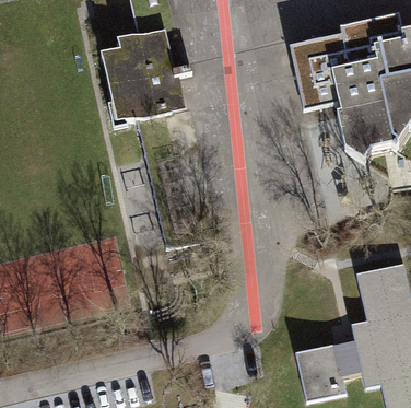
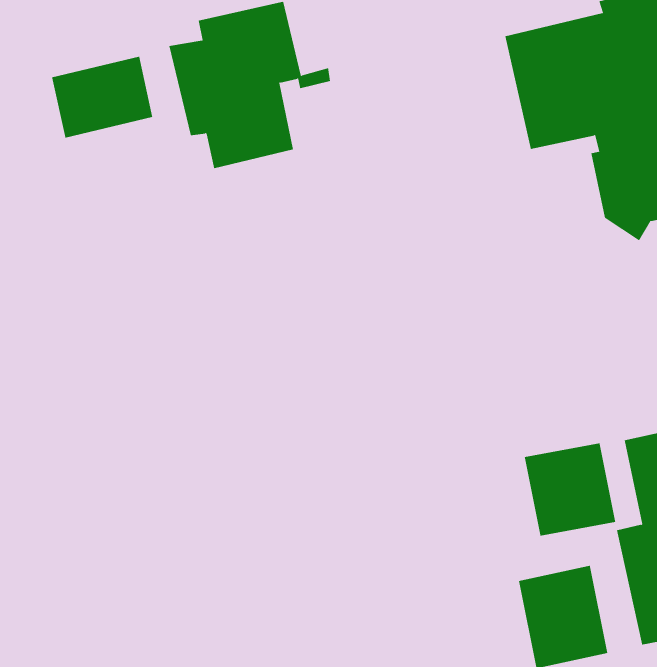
building: none -> [52,56,153,138]
building: none -> [524,443,616,537]

